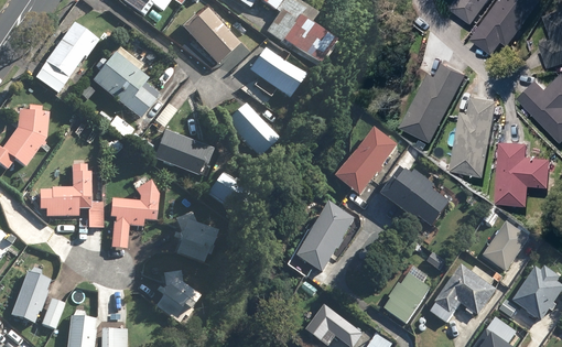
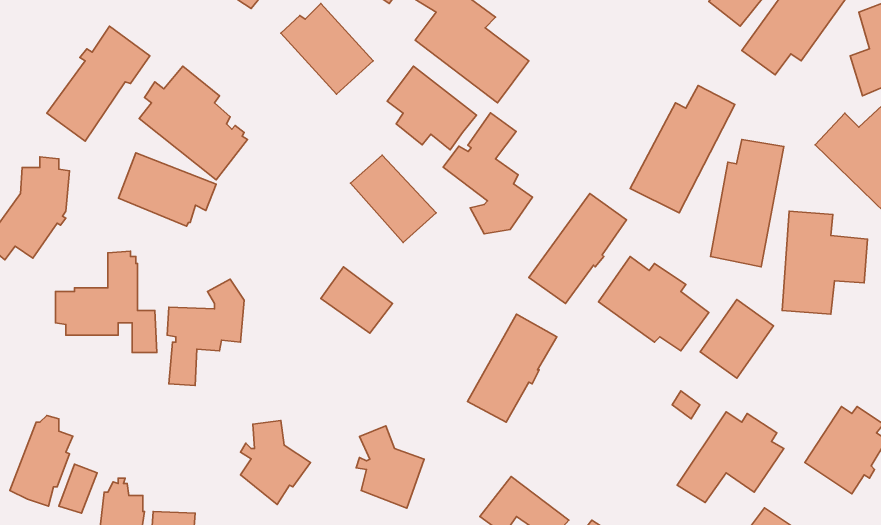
building: none -> [443,113,533,234]
building: [153,130,215,176] -> [118,153,216,226]
building: [172,212,215,263] -> [356,426,424,508]
building: [484,221,530,271] -> [700,300,774,378]
building: [385,273,431,324] -> none

